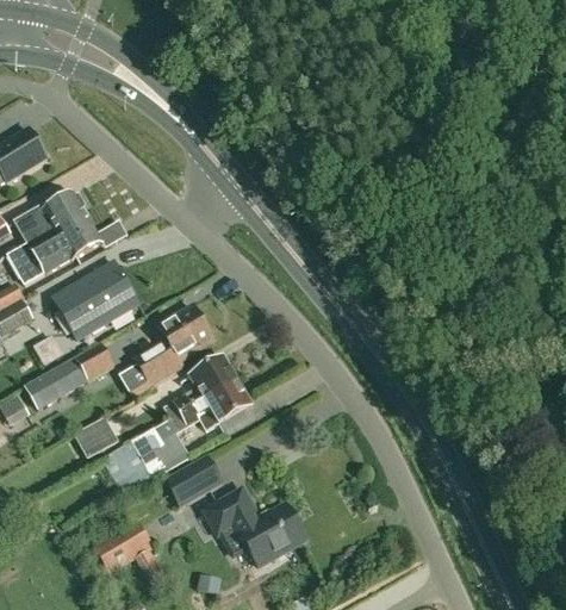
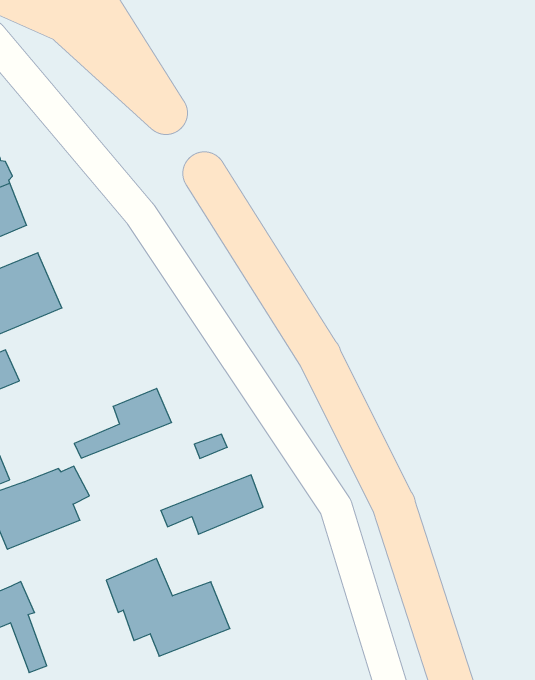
building: [132,305,212,382] -> none
building: [170,380,250,432] -> [161,475,263,534]
building: [166,458,220,505] -> none

